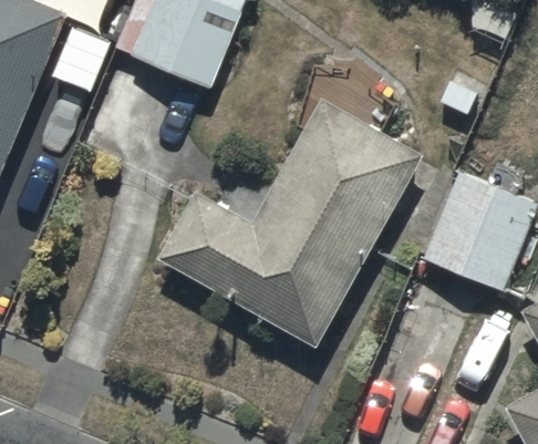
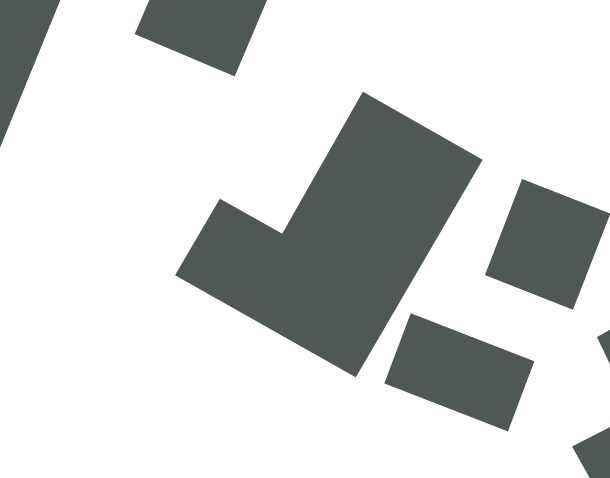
building: none -> [383,312,535,432]

